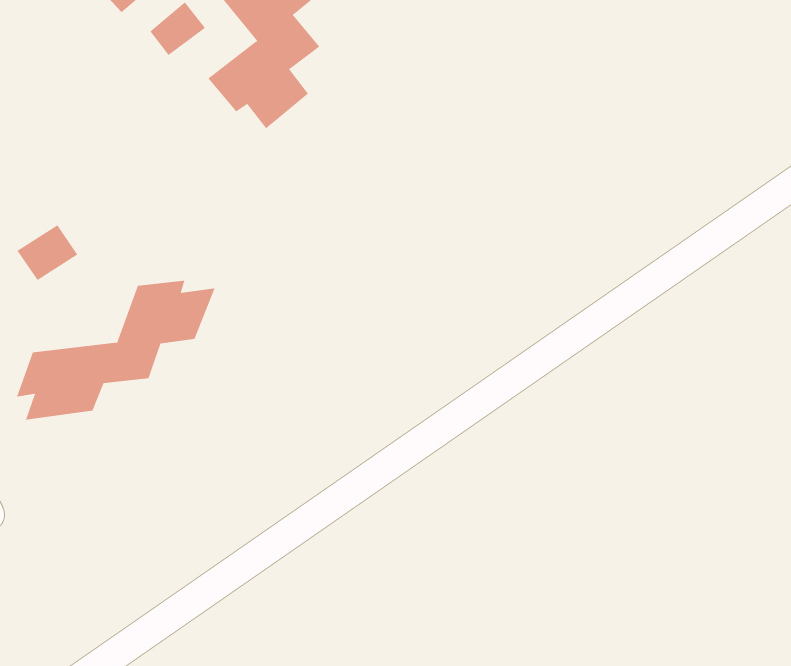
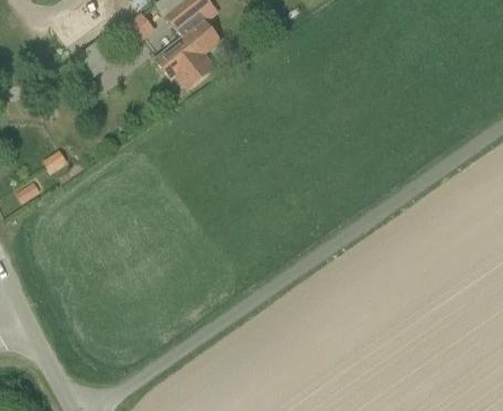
building: [16,280,215,420] -> none

